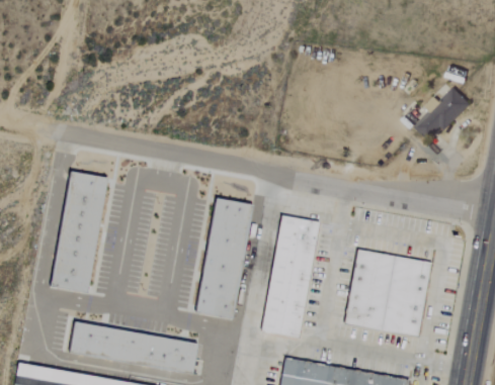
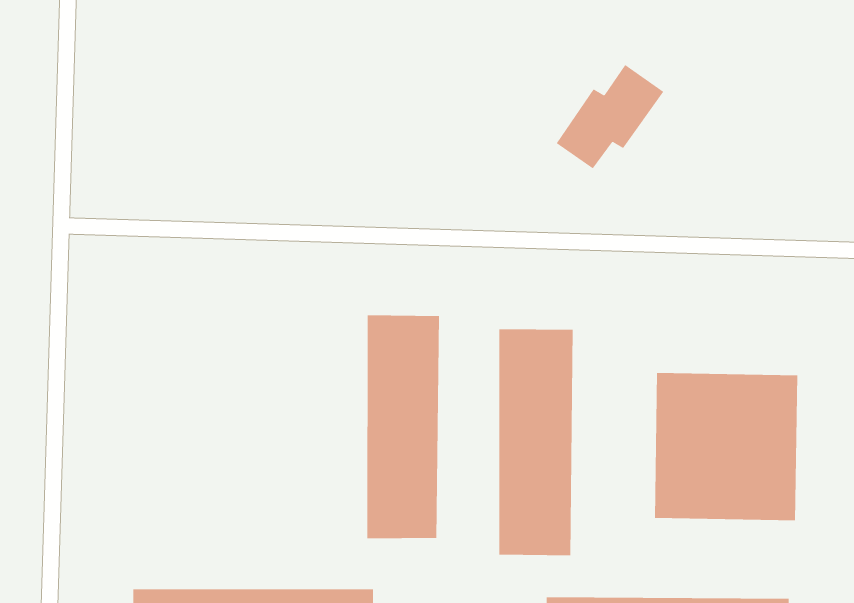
building: [411,87,471,138] -> [556,64,664,169]
building: [51,172,105,293] -> none

